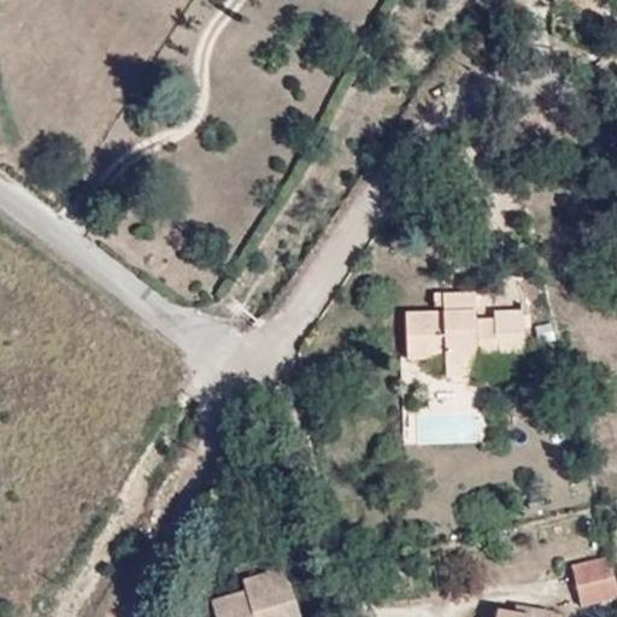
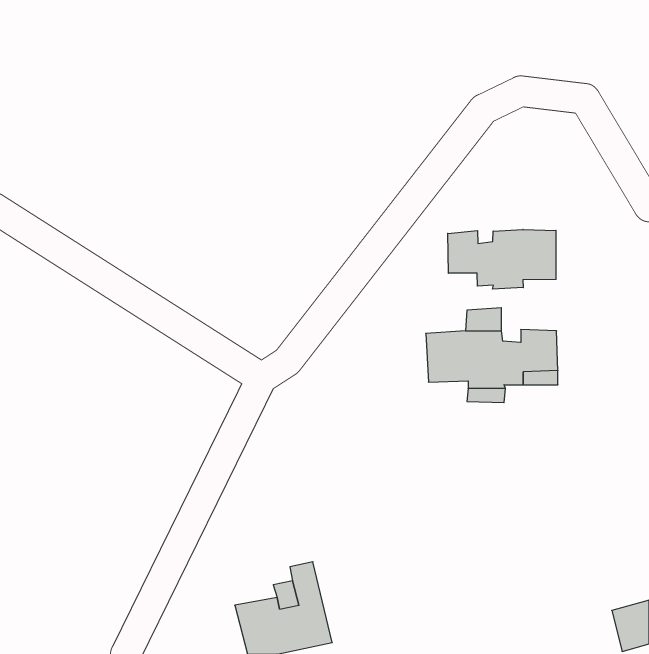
building: none -> [448,229,556,289]

